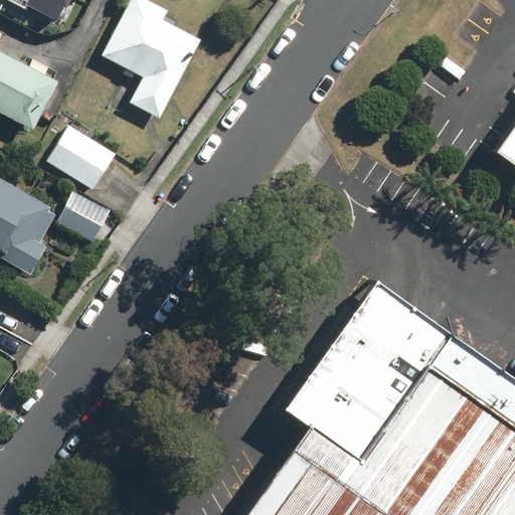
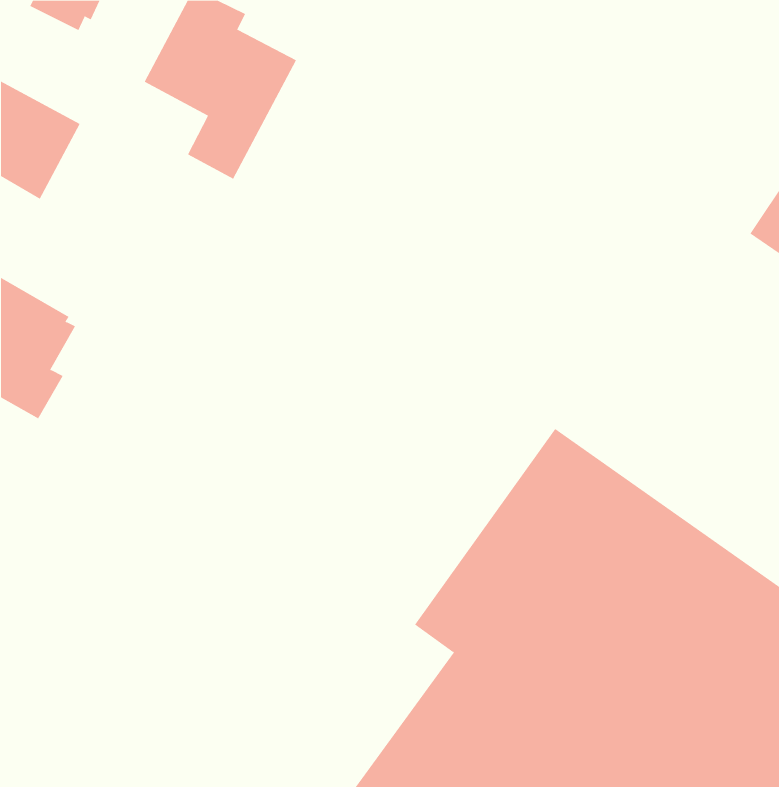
building: [46,125,116,190] -> none
building: [56,191,112,242] -> none

